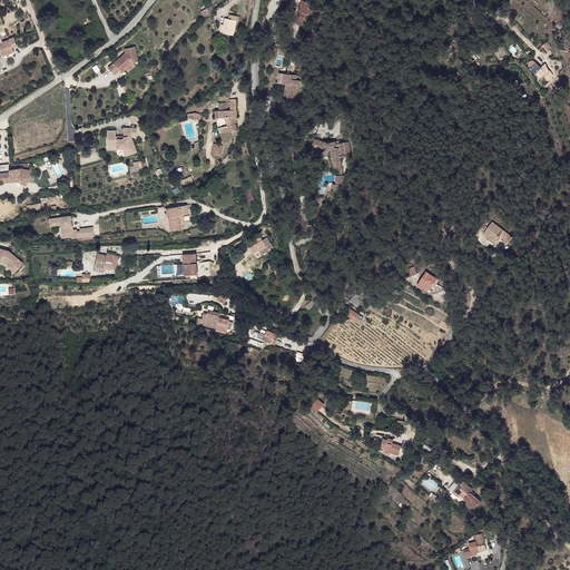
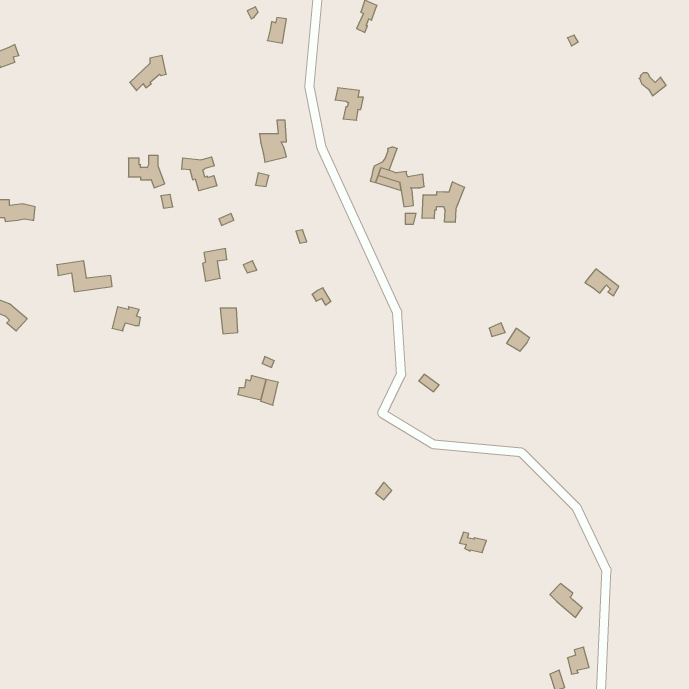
building: none -> [182,157,217,191]
building: none -> [422,182,464,222]

